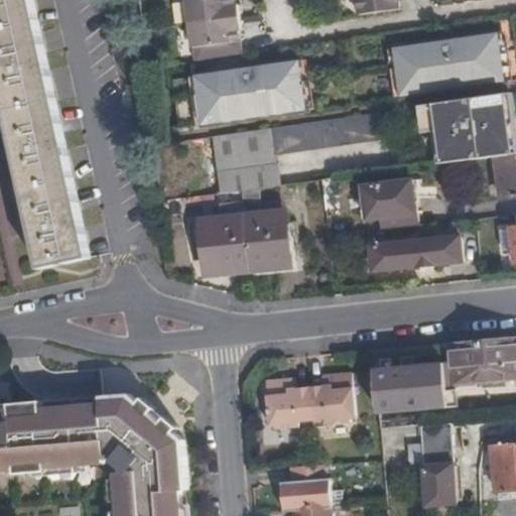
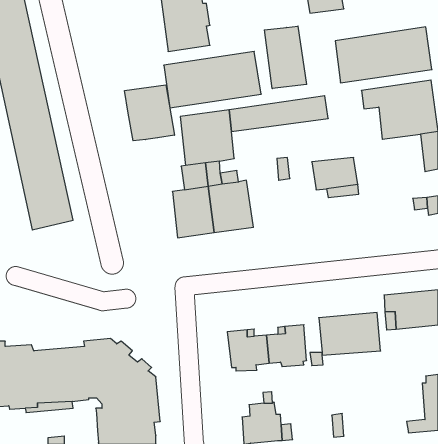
building: none -> [264,26,307,89]
building: none -> [125,85,174,141]
building: [365,236,457,270] -> none
building: [417,422,453,505] -> none

